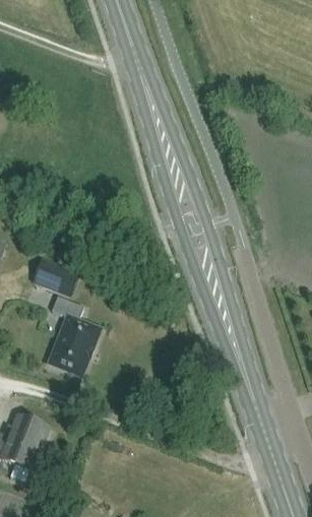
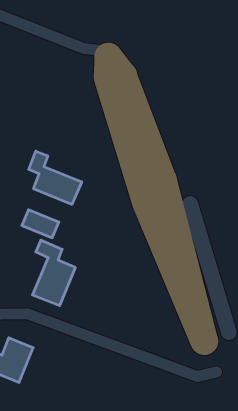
building: none -> [29,151,82,204]

